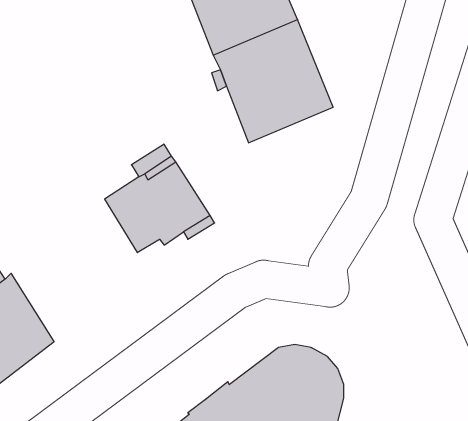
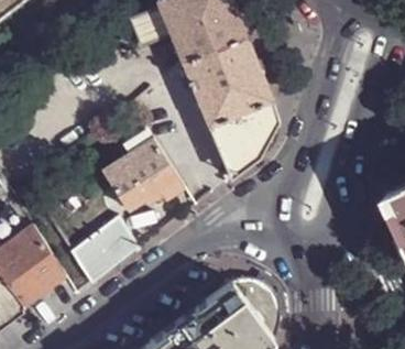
building: none -> [210,105,280,183]
building: none -> [72,220,140,287]

